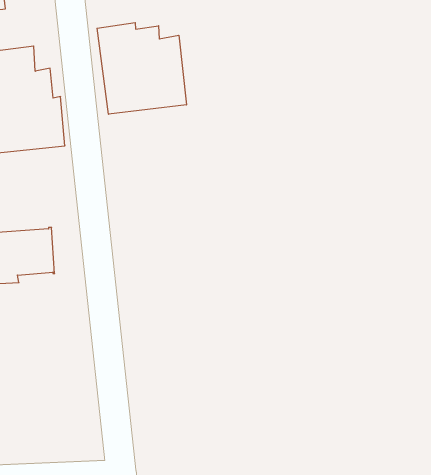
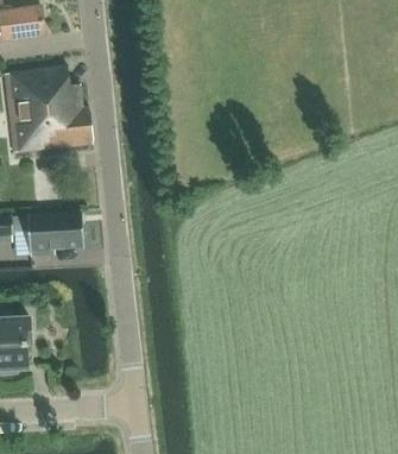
building: [97,23,186,114] -> none

